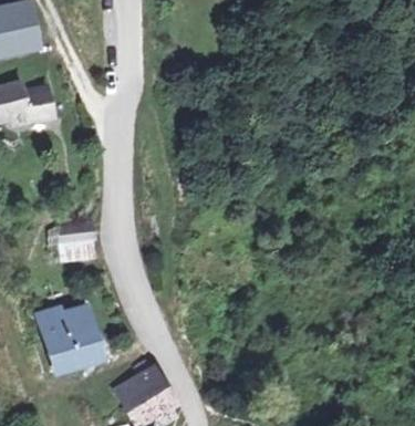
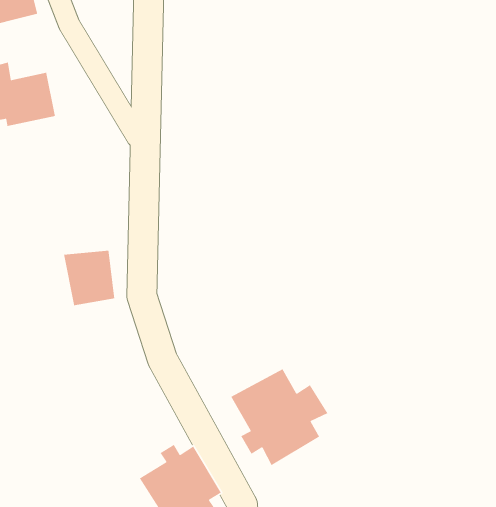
building: [41,300,101,368] -> none
building: none -> [230,368,328,466]

